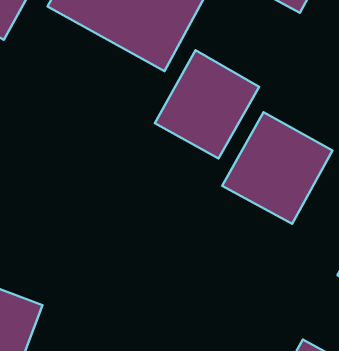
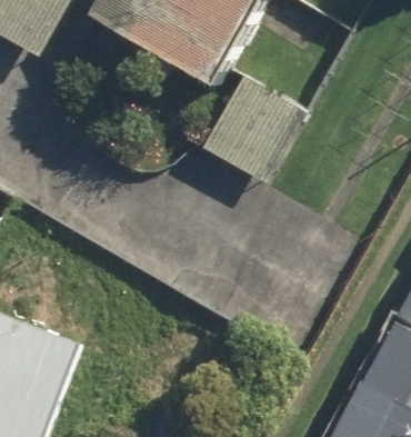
building: [222,112,333,224] -> none

